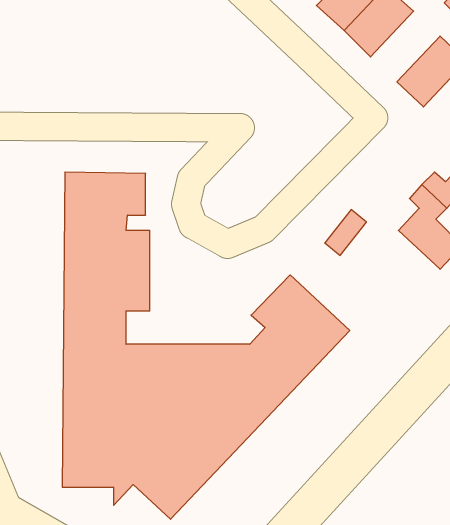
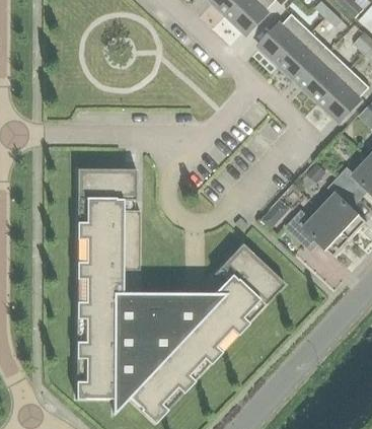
building: none -> [300,50,351,101]
building: none -> [286,210,351,256]

